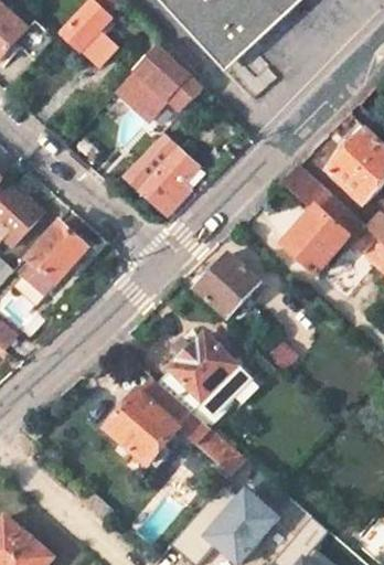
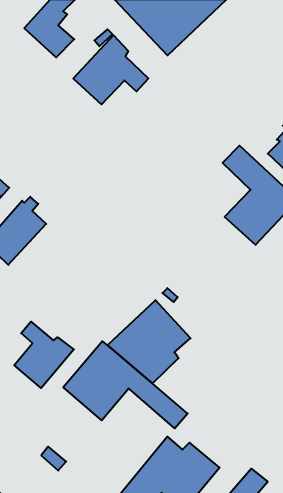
building: [125,134,200,213] -> none
building: [194,254,280,322] -> none
building: none -> [14,322,74,388]

